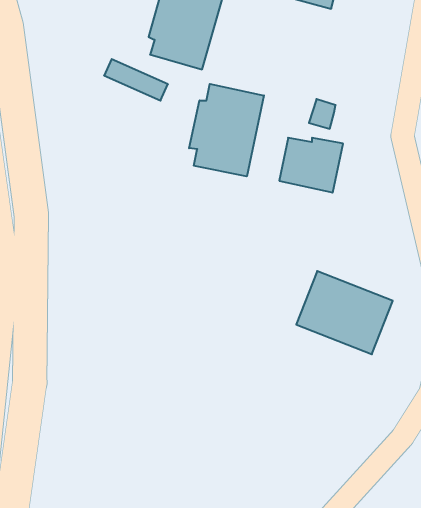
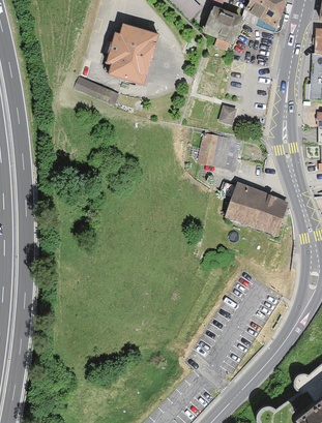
building: [189,84,264,176] -> none
building: [296,271,393,354] -> [222,179,289,237]

